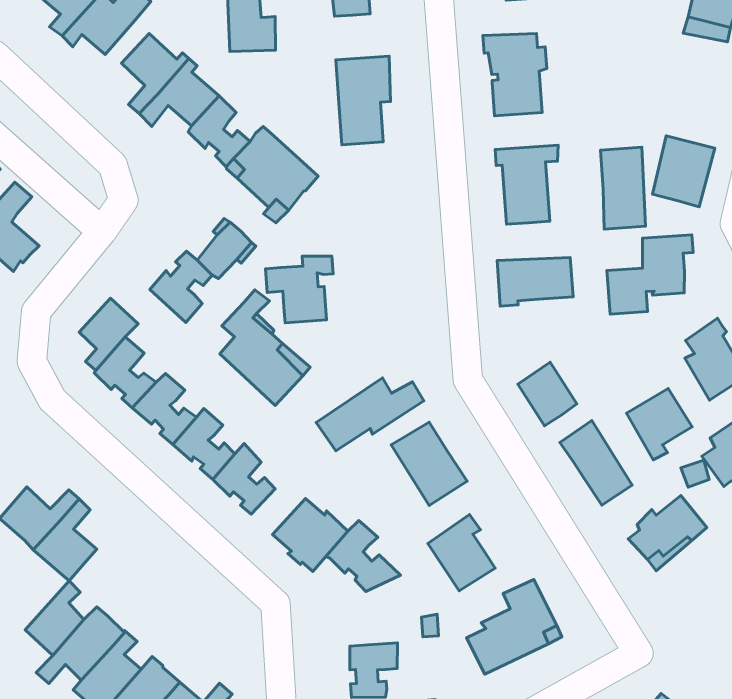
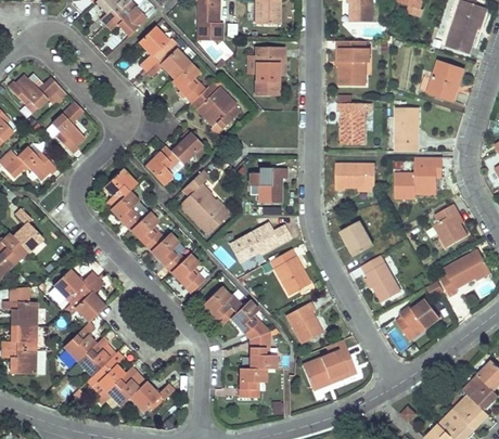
building: [653,136,715,207] -> [428,61,464,101]
building: [265,256,333,323] -> [250,167,286,203]
building: [627,388,692,460] -> none
building: none -> [250,332,276,370]

